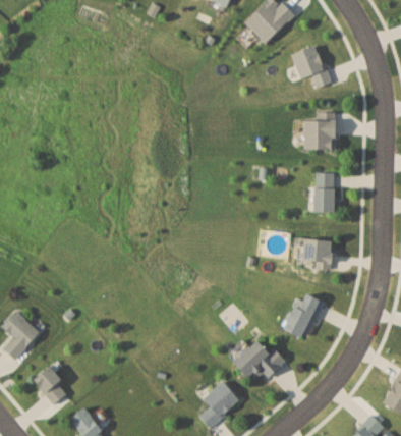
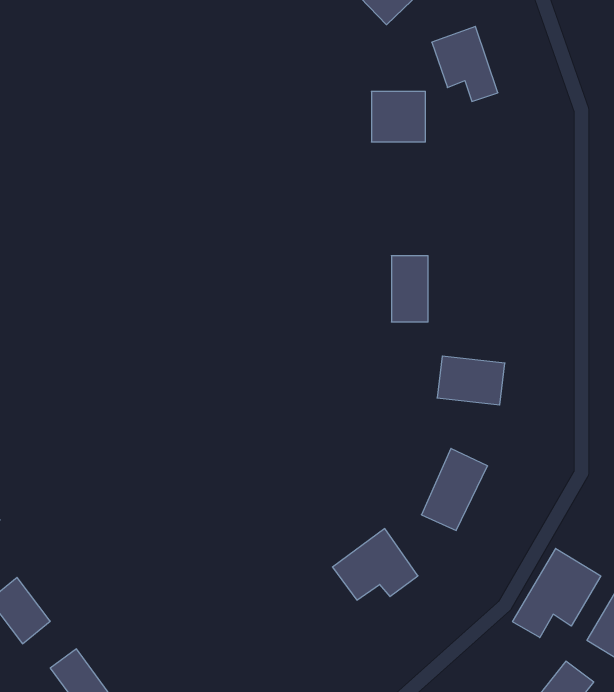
building: [306,119,338,149] -> [371,91,425,142]
building: [316,172,337,211] -> [391,256,428,322]
building: none -> [513,548,601,638]
building: [199,380,241,427] -> none

